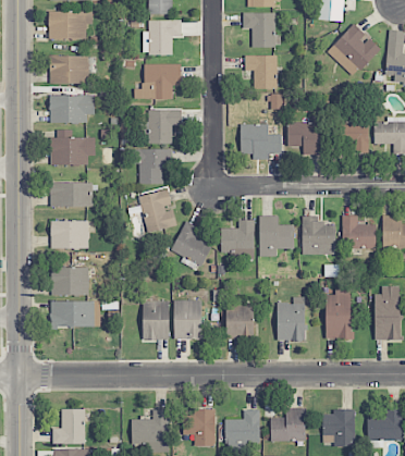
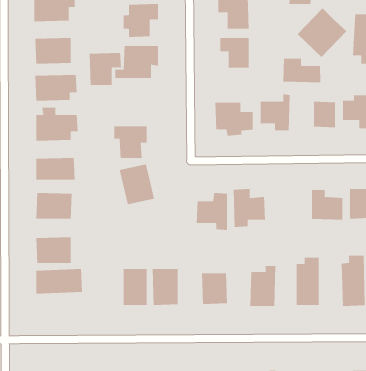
building: none -> [283,58,321,83]
building: [147,109,182,144] -> [89,53,122,85]
building: [302,215,335,255] -> none
building: [172,221,211,266] -> none

